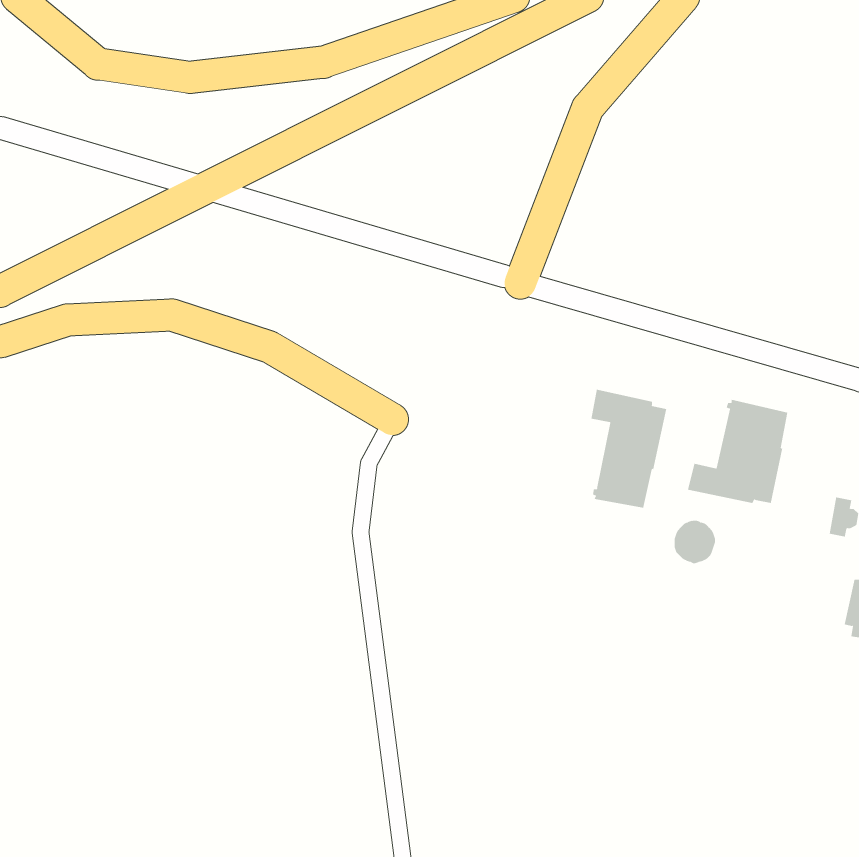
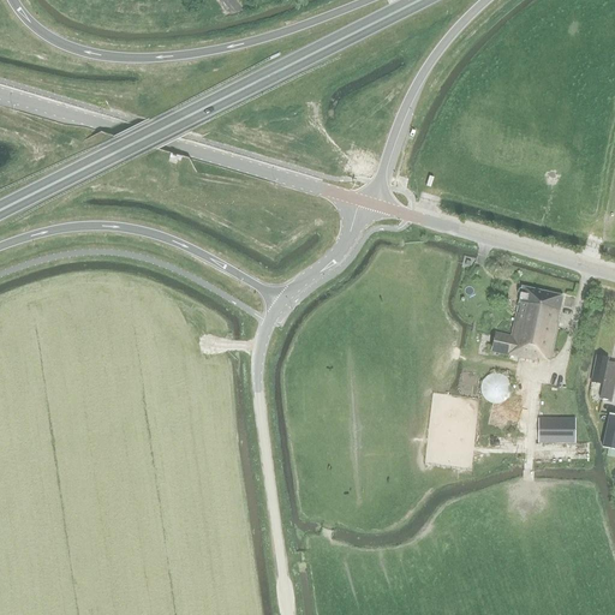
building: [591,389,667,509] -> none
building: none -> [539,417,577,441]

